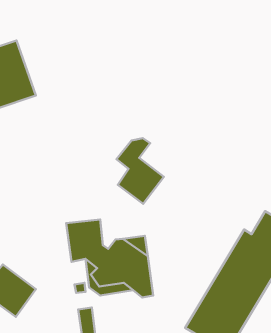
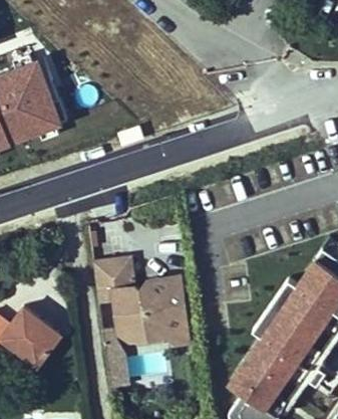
building: [116,138,164,204] -> none

